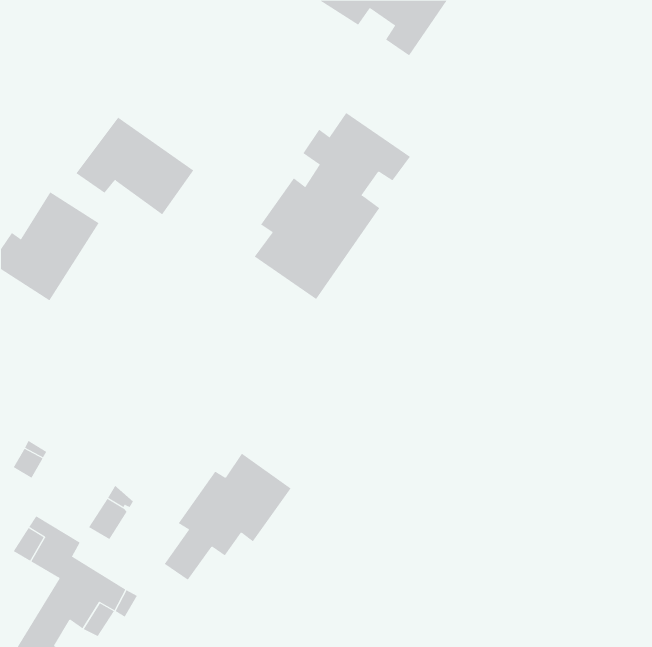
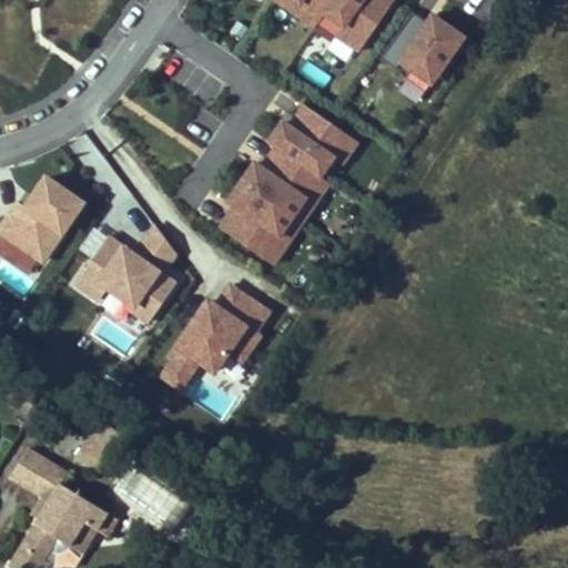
building: none -> [395,10,465,84]
building: [76,117,194,215] -> [73,236,176,322]
building: [164,453,291,581] -> [159,282,270,393]

